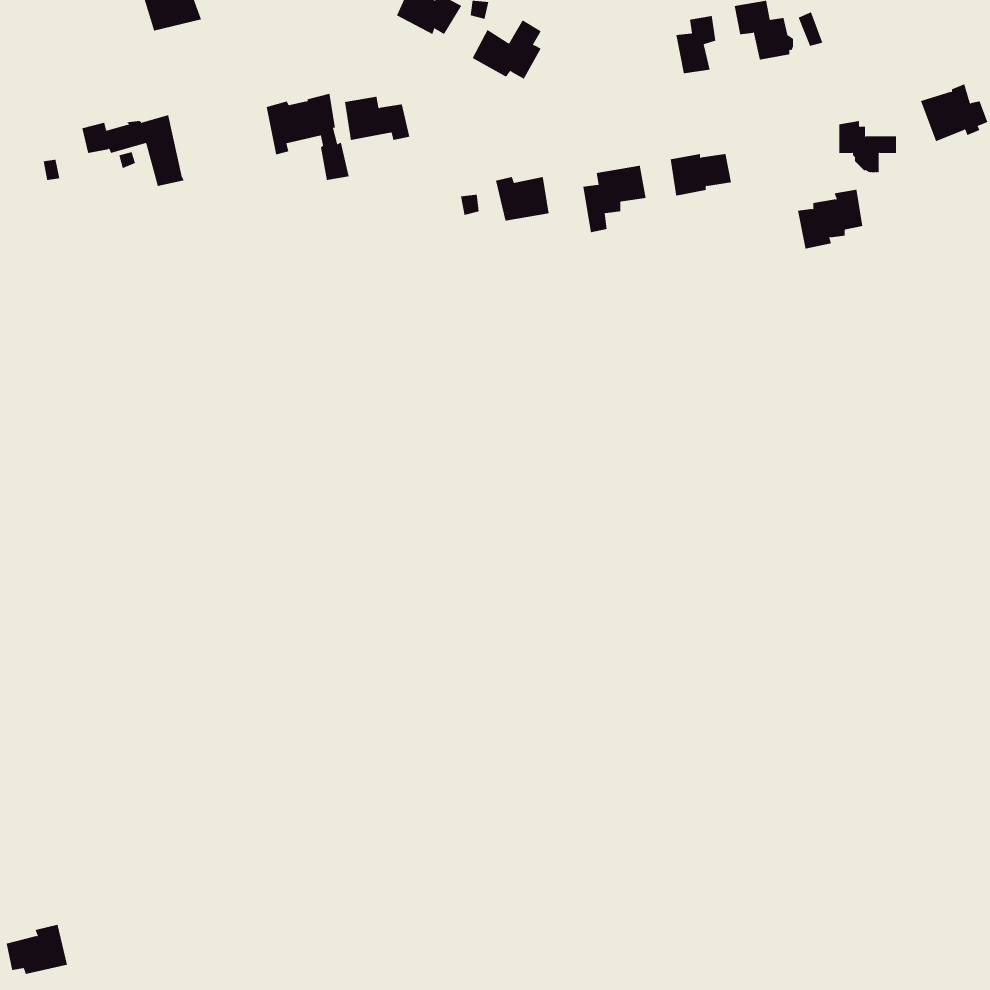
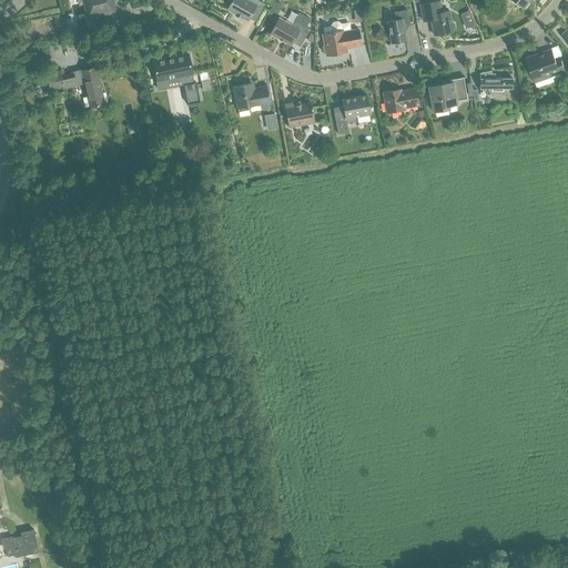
building: none -> [322,21,361,54]
building: [344,96,410,141] -> [233,82,271,108]
building: [797,189,863,249] -> [428,77,466,111]

